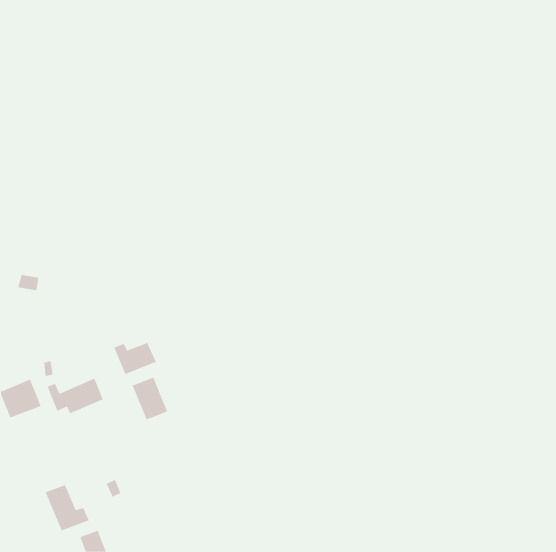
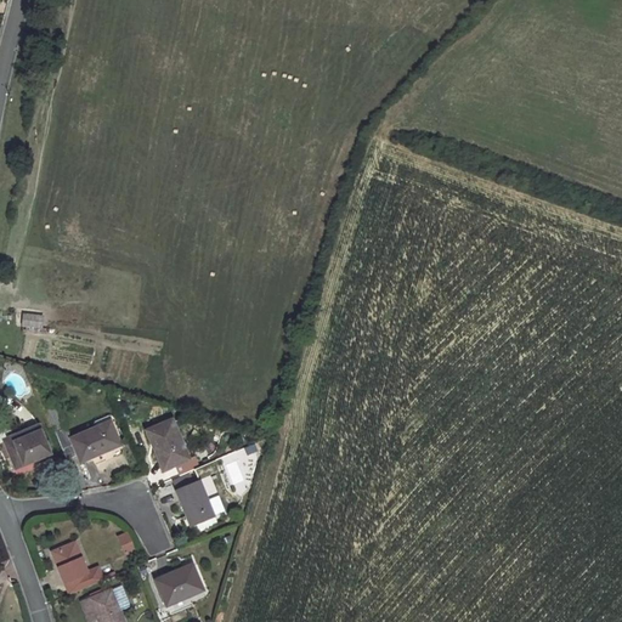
building: [113,342,156,375] -> none
building: none -> [180,481,217,526]
building: none -> [157,565,203,605]

